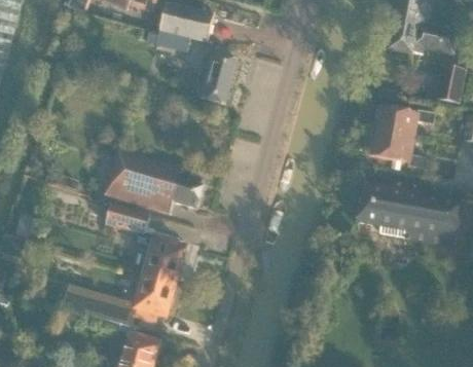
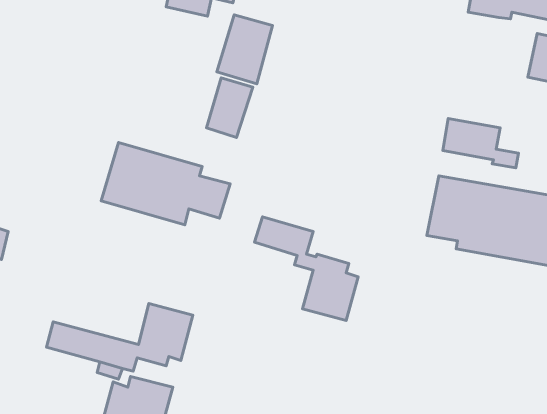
building: none -> [206,78,253,138]
building: [373,105,435,138] -> none
building: [105,203,185,283] -> [255,217,358,321]

